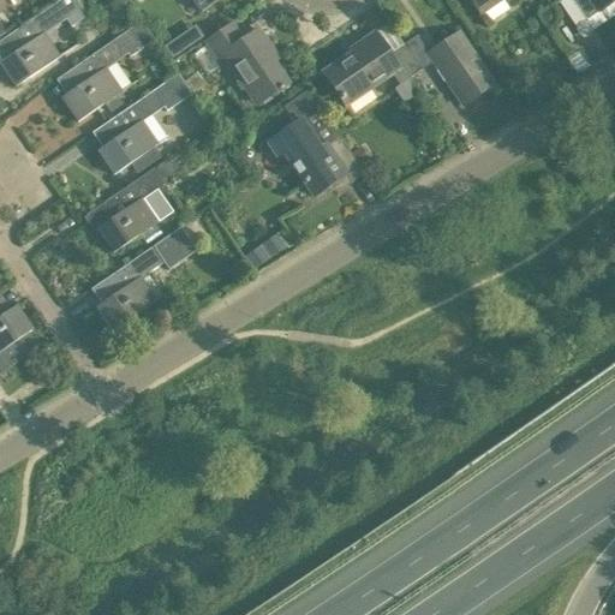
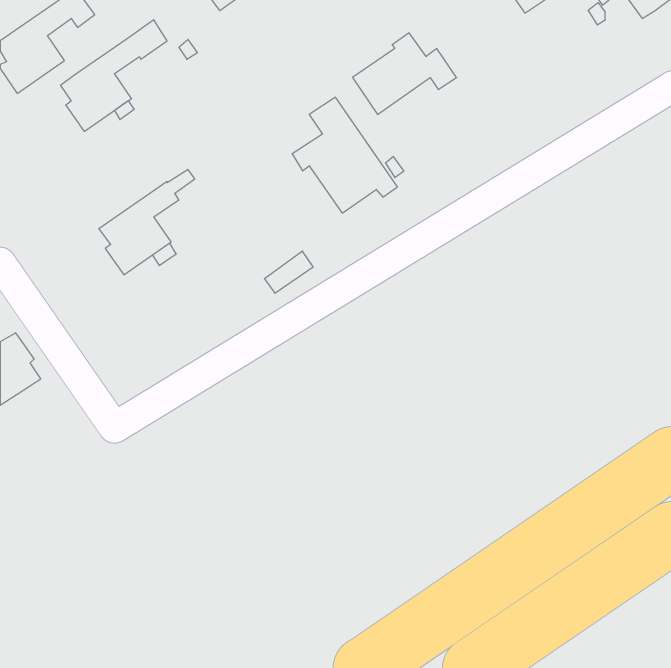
building: [205,20,288,103] -> none
building: [400,30,494,103] -> none
building: [97,72,192,173] -> none
building: [96,215,205,329] -> none

